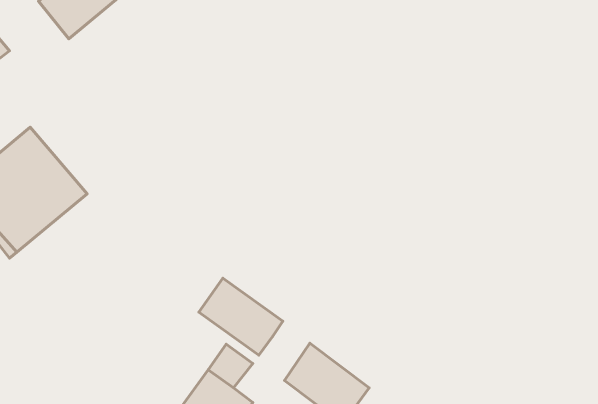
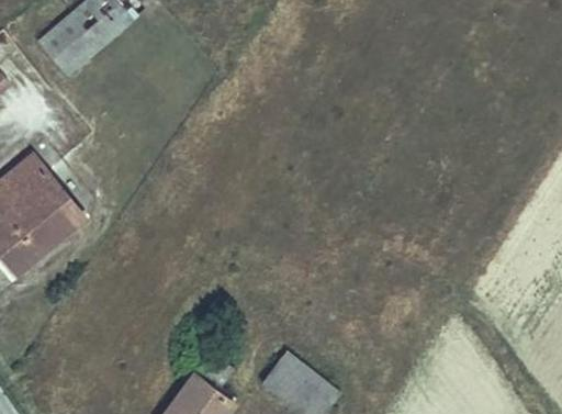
building: [199,278,283,355] -> none

